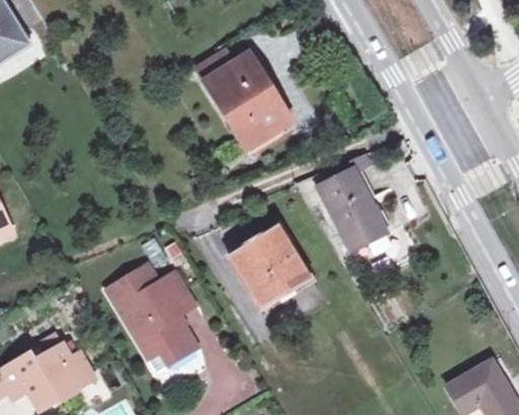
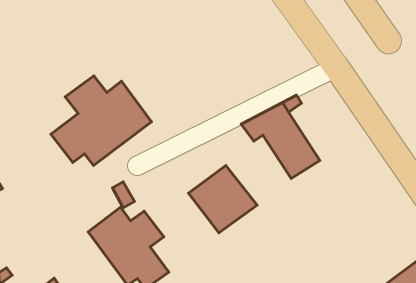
building: [196,49,293,150] -> none
building: none -> [51,76,152,166]

